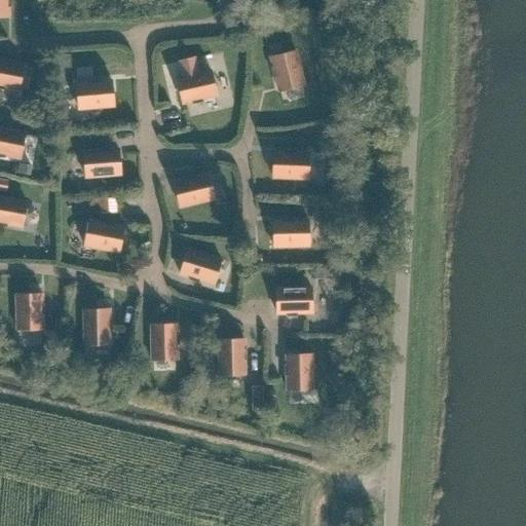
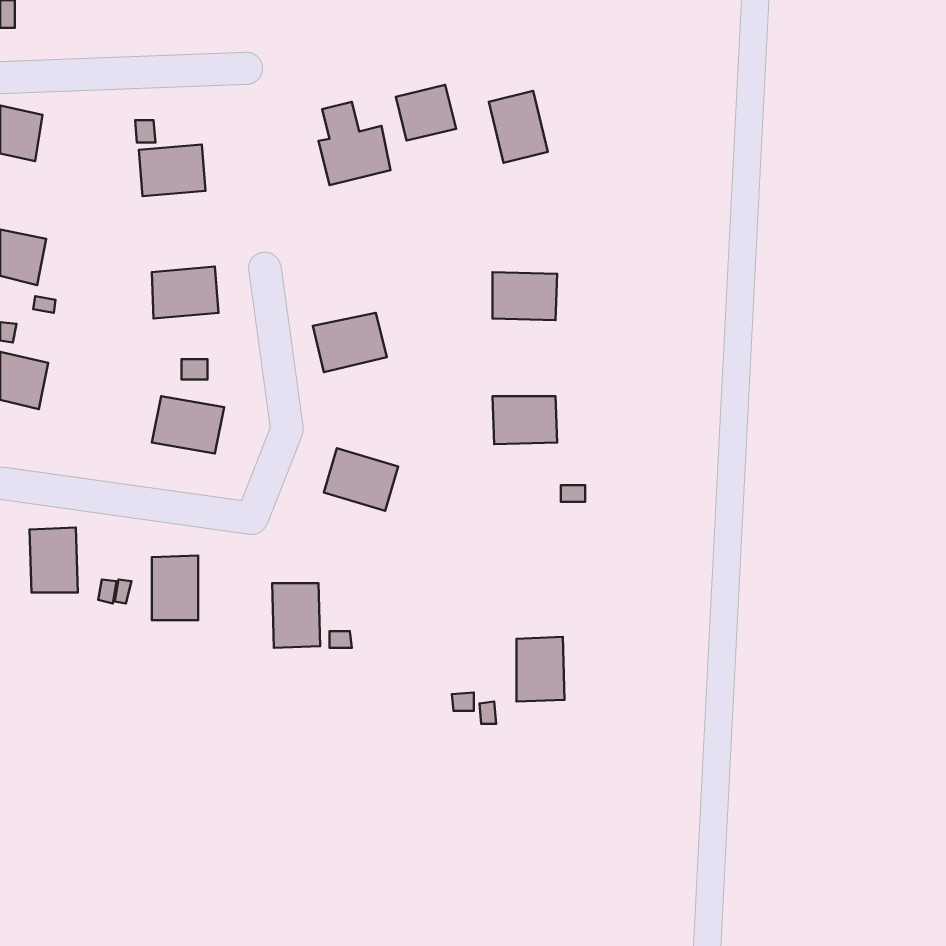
building: none -> [396,85,456,141]
building: [276,287,312,313] -> none
building: [219,338,246,374] -> none

